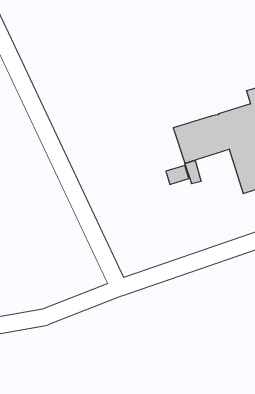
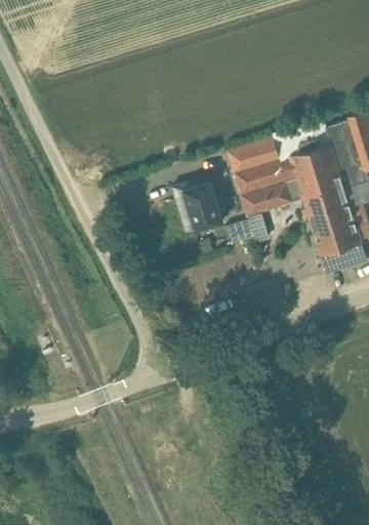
building: none -> [227,138,280,174]
building: none -> [182,181,222,231]

